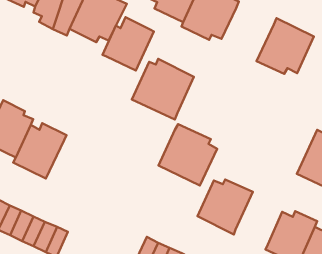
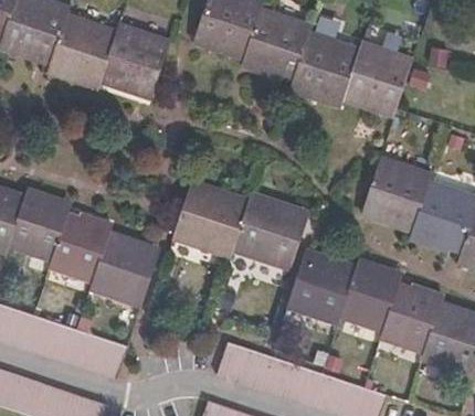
building: none -> [291,34,357,107]
building: [103,17,154,70] -> none
building: [132,59,194,119] -> [175,183,250,257]
building: none -> [367,152,432,226]
building: none -> [93,233,159,308]
building: none -> [345,258,403,329]

